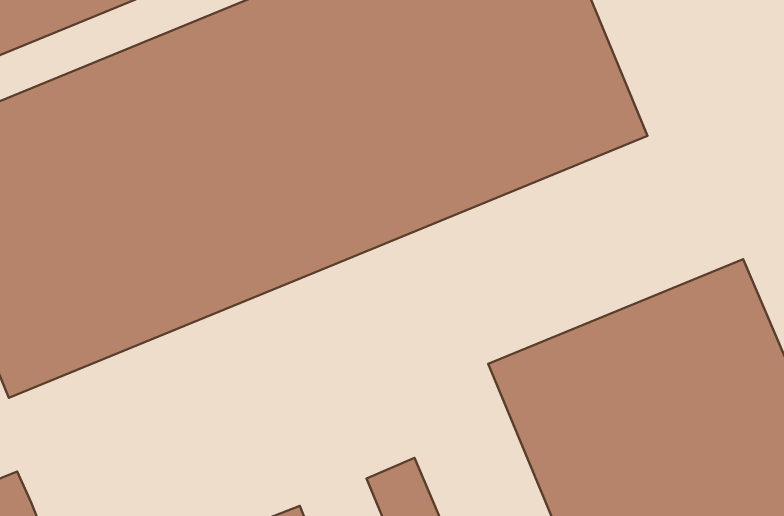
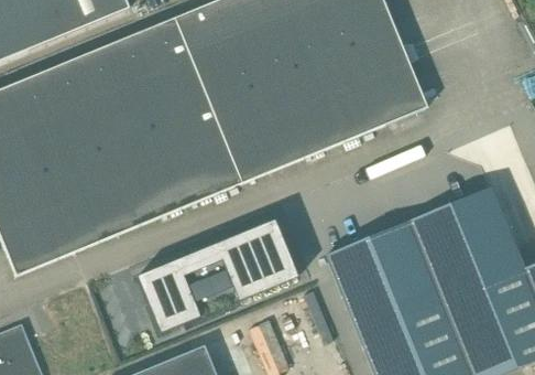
building: none -> [138,221,297,333]

